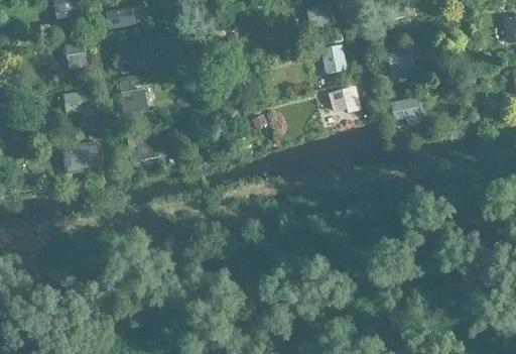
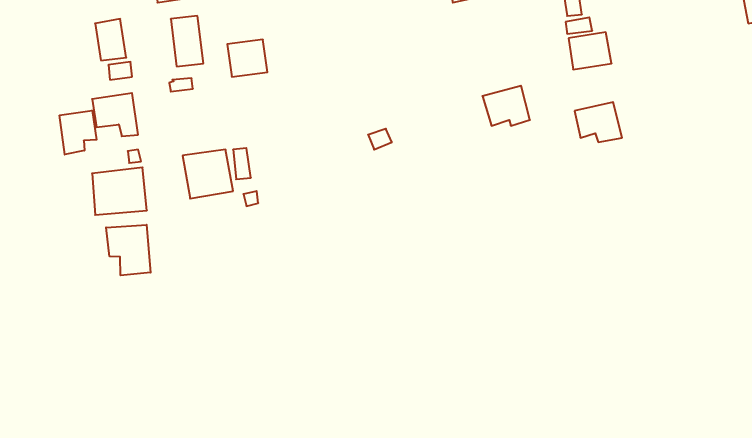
building: [320,44,348,75] -> none
building: [121,89,148,114] -> [227,40,267,77]
building: none -> [60,110,97,155]
building: none -> [106,225,151,275]

